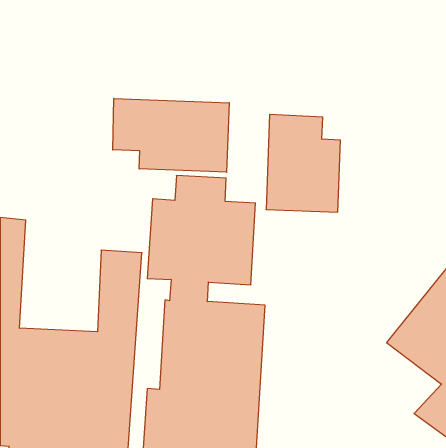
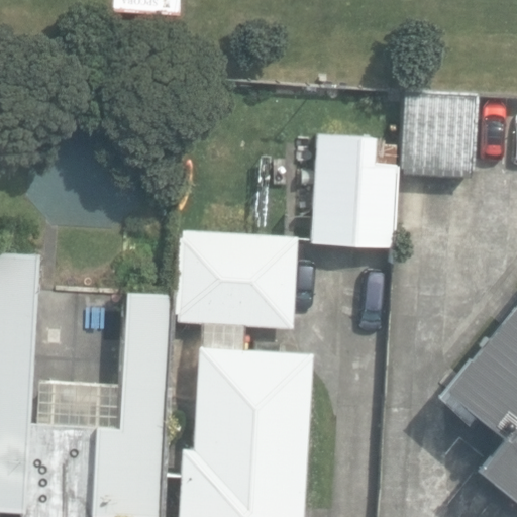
building: none -> [399,92,477,180]
building: [113,98,229,172] -> none

